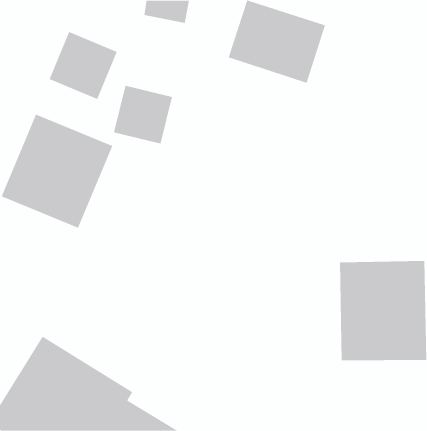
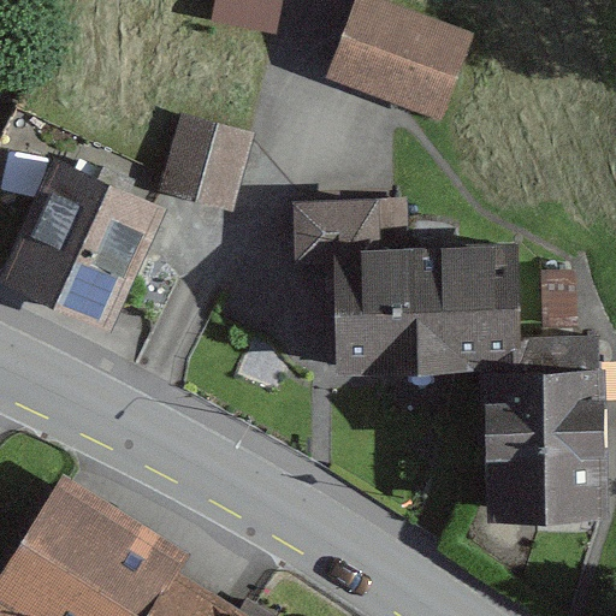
building: [49,31,118,100] -> none
building: none -> [289,208,521,372]

